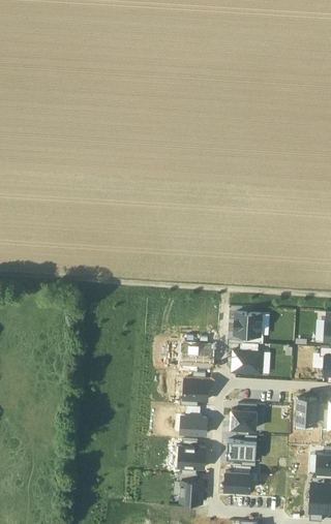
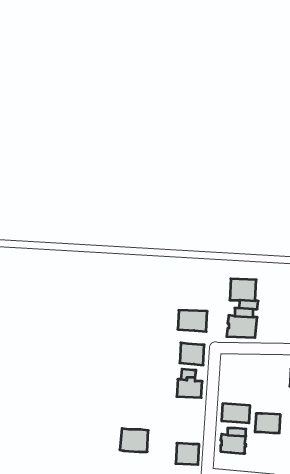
building: [231,409,257,429] -> [255,414,280,433]
building: [177,444,206,468] -> [120,428,148,452]

